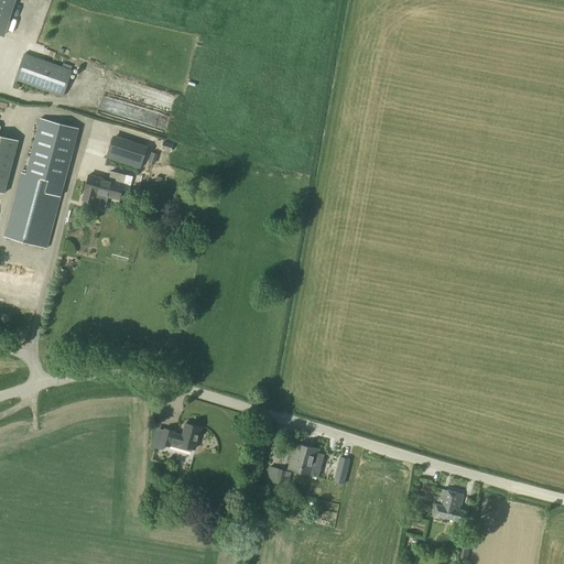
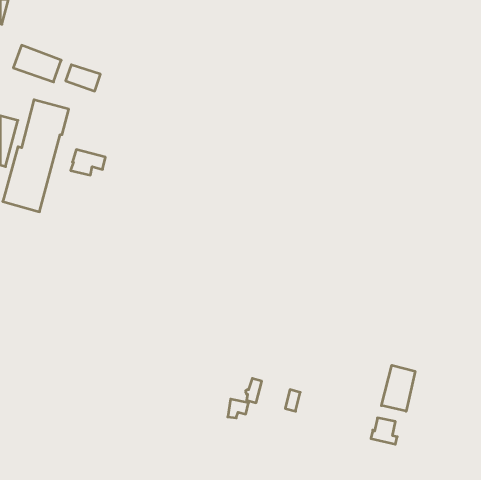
building: [106,138,147,169] -> [66,65,100,91]
building: [152,423,200,463] -> none
building: none -> [381,365,415,411]
building: [300,446,325,476] -> none

